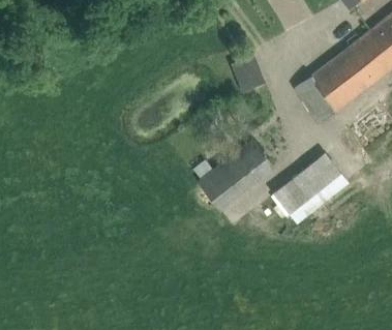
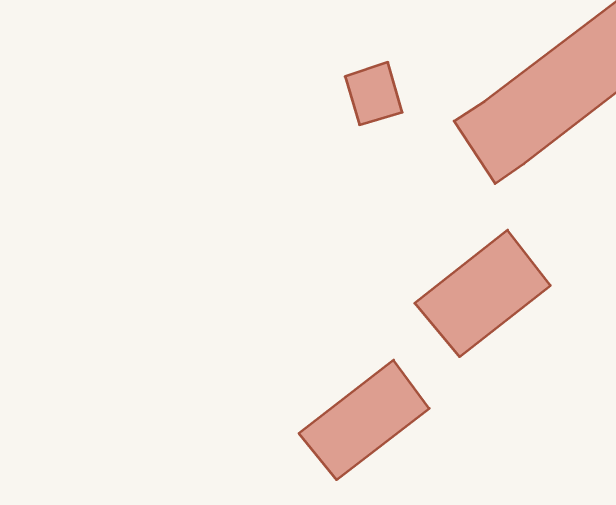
building: [198,141,273,210] -> [299,360,429,480]

